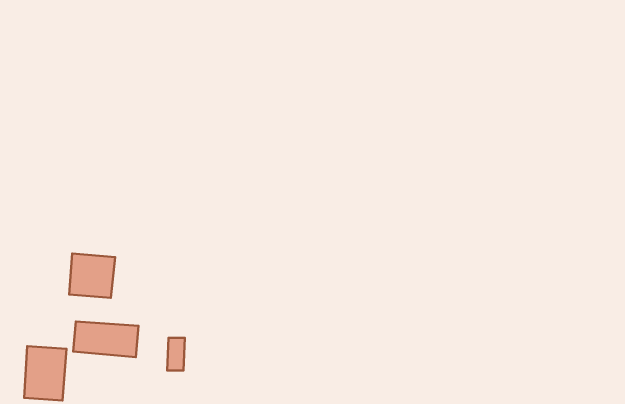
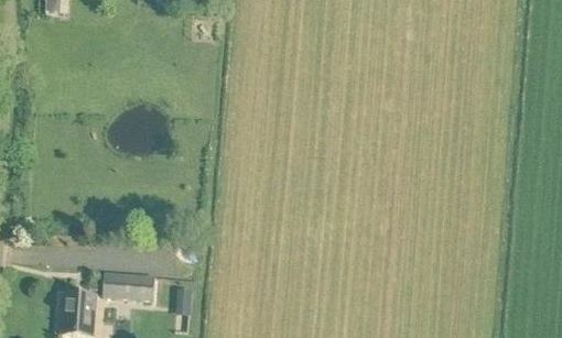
building: [69,253,115,298] -> none

